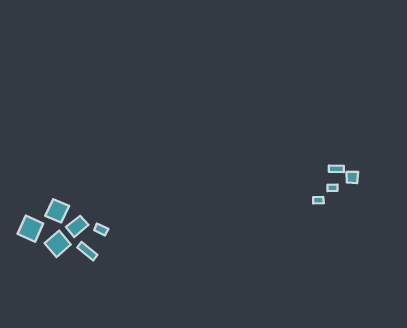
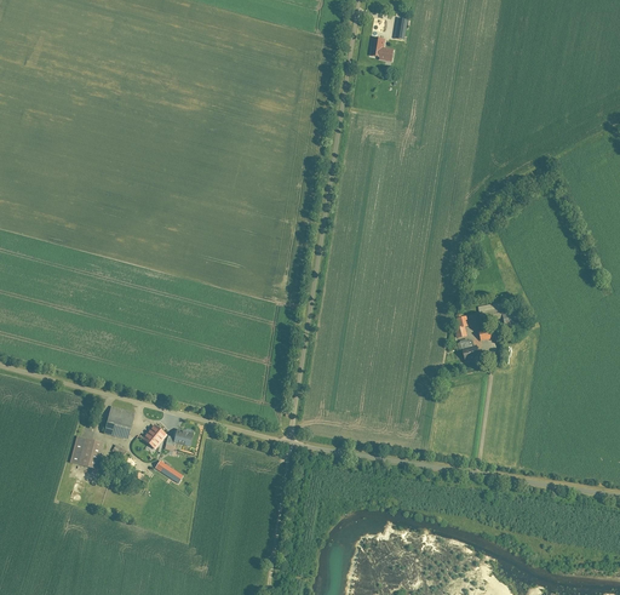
building: [45,231,71,257] -> none

